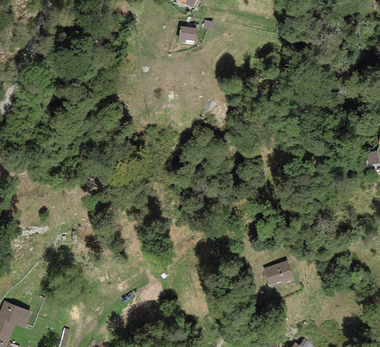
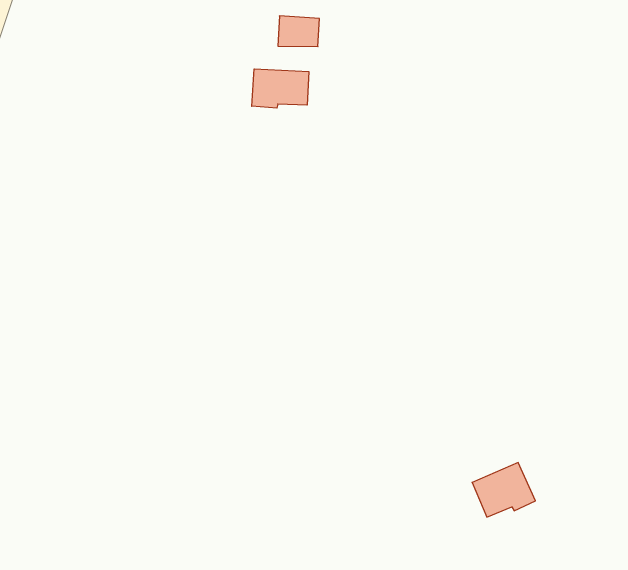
building: none -> [252,69,309,108]

